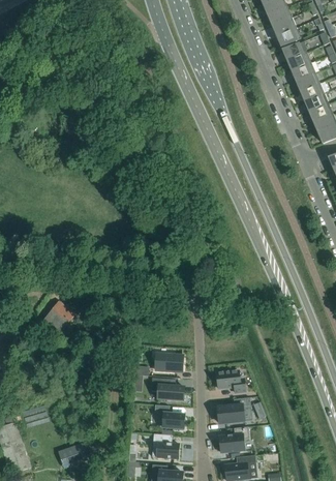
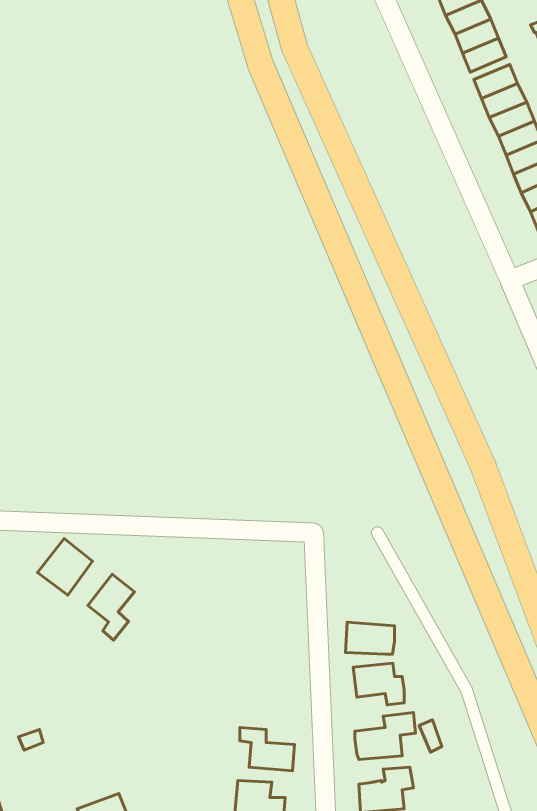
building: none -> [88,574,134,640]
building: [155,354,182,371] -> [345,622,394,654]
building: [151,378,184,400] -> none

